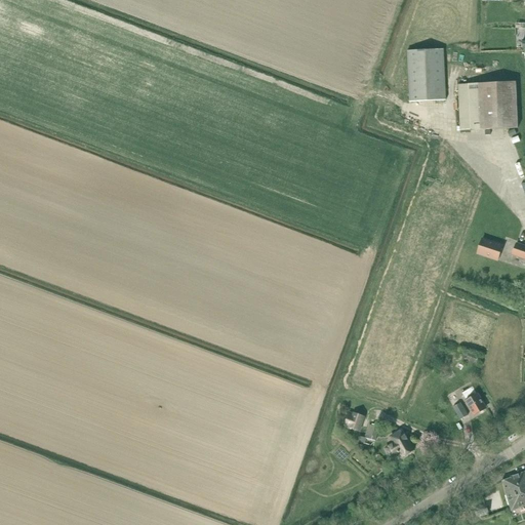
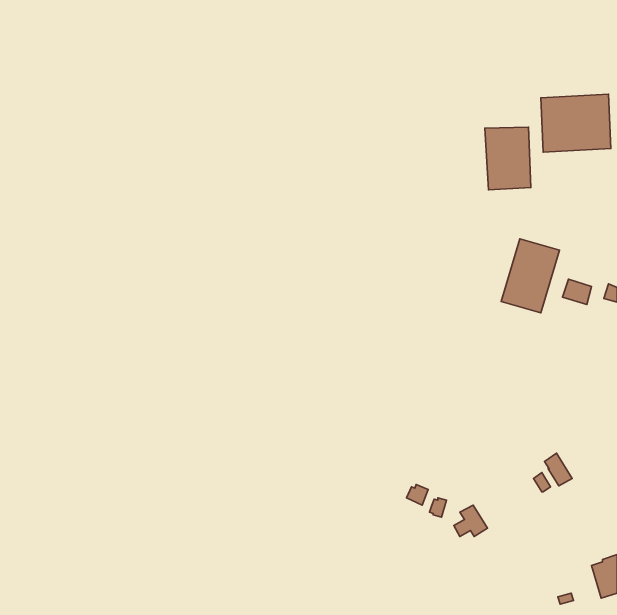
building: [406,47,445,100] -> [485,127,531,190]
building: none -> [501,239,560,313]

